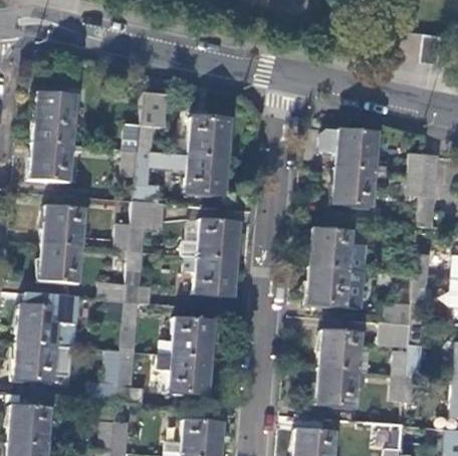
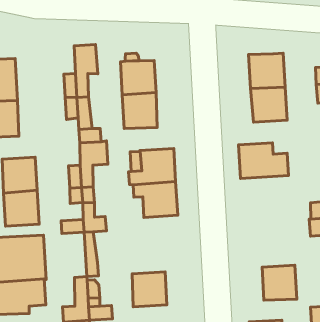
building: [306,266,365,307] -> none
building: [173,318,213,359] -> none
building: [319,330,371,373] -> none

